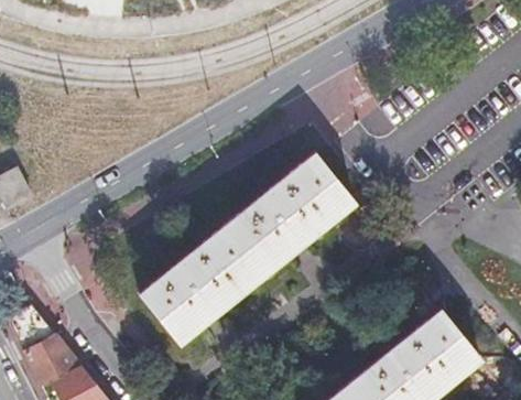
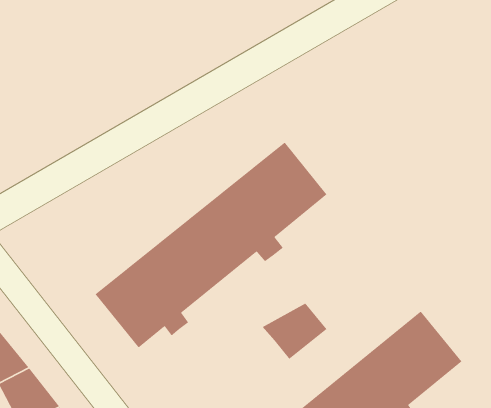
building: none -> [261,303,327,360]

